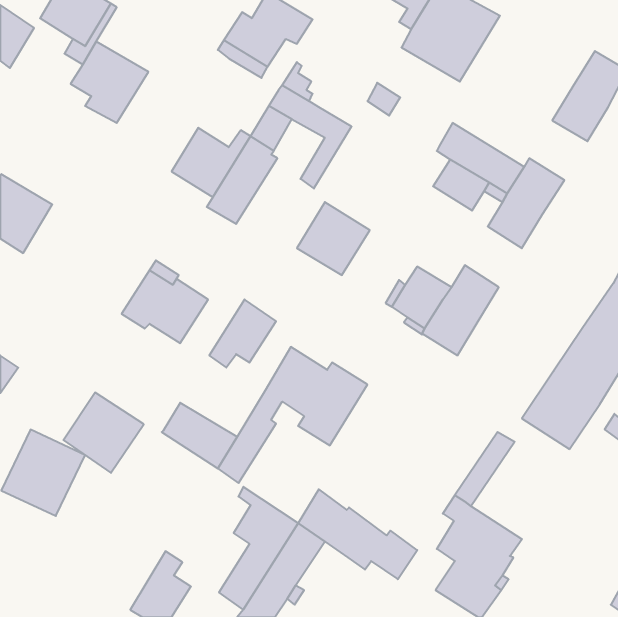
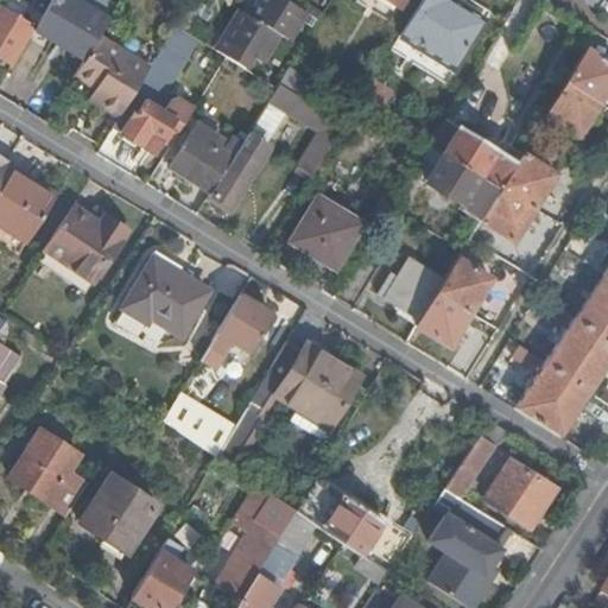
building: none -> [113,25,200,153]
building: none -> [46,208,129,284]
building: [63,393,144,473] -> [81,475,159,553]
building: none -> [484,457,556,526]

